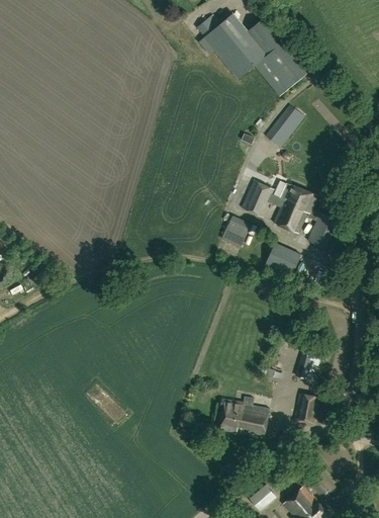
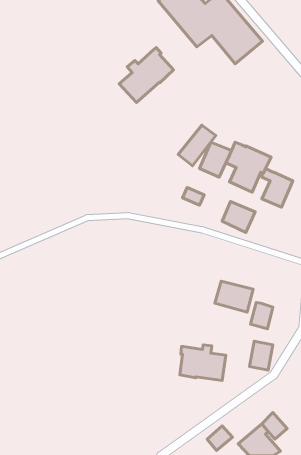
building: none -> [119,48,173,103]
building: [264,104,304,148] -> [178,125,216,166]
building: none -> [215,281,253,312]

